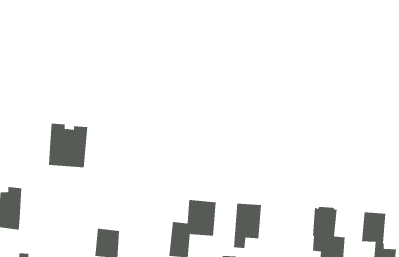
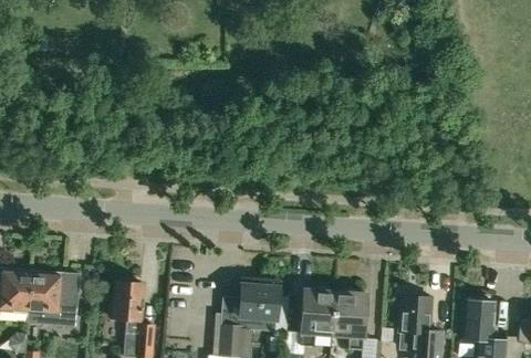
building: [48,123,88,168] -> [29,268,80,325]
building: none -> [113,280,144,317]
building: none -> [333,289,367,348]

